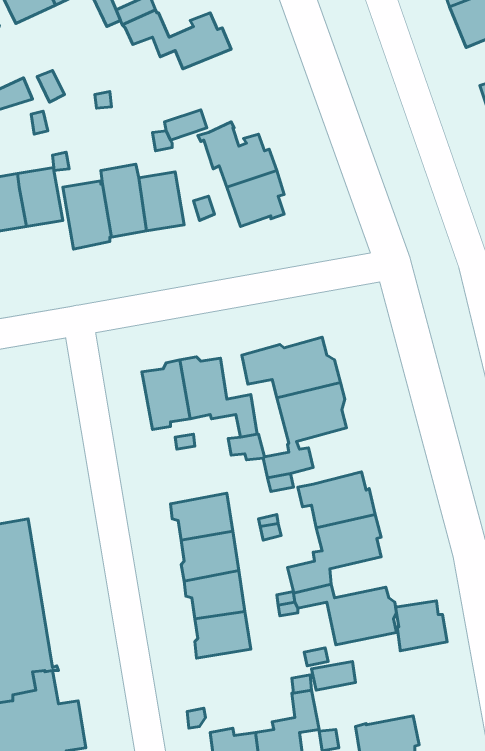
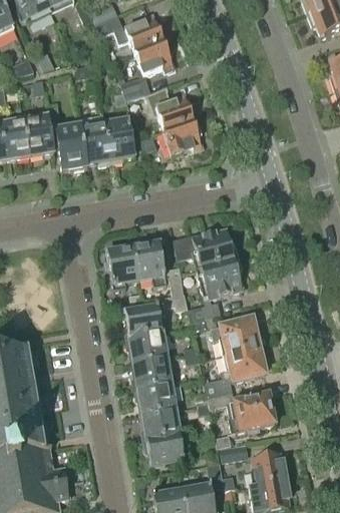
building: none -> [133,37,173,73]
building: none -> [123,306,162,338]
building: [396,601,447,651] -> [252,451,286,484]
building: none -> [142,434,183,465]

